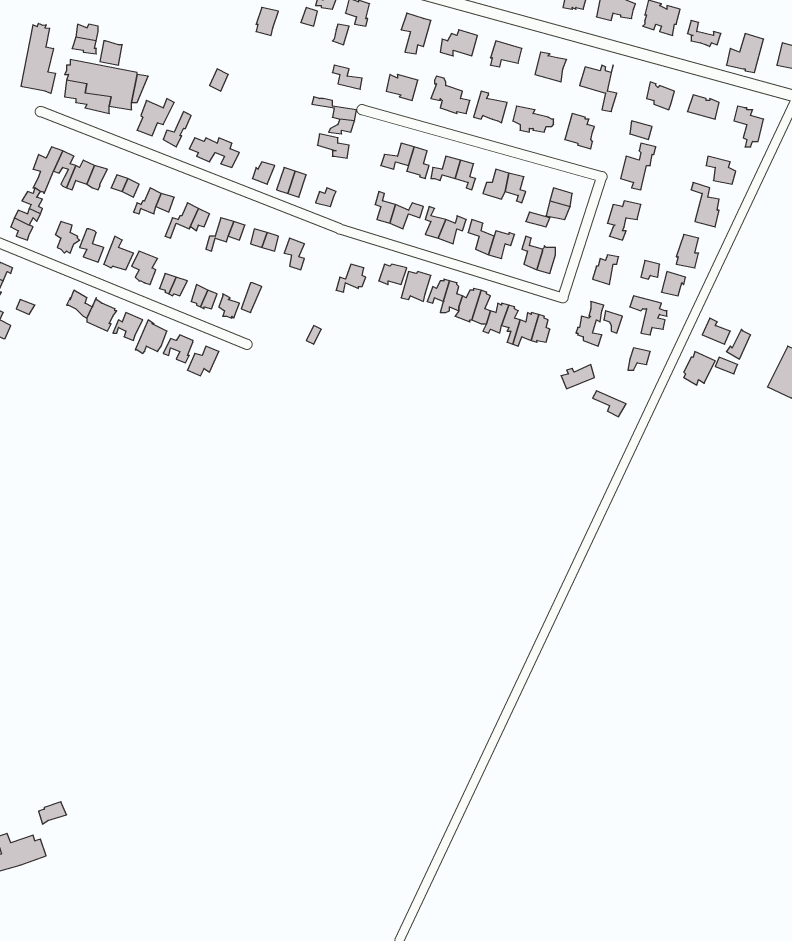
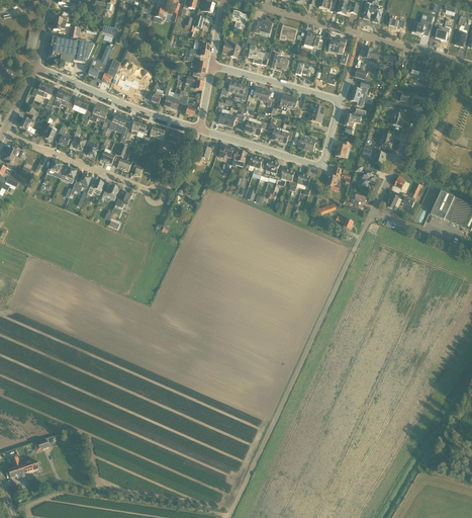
building: [21,23,55,93] -> none

